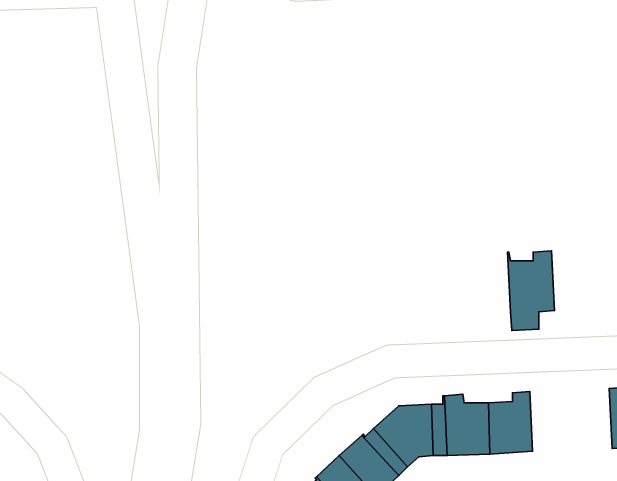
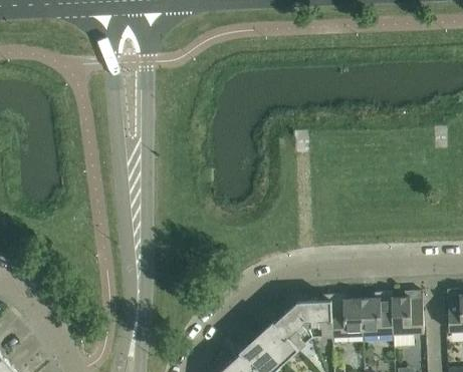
building: [508,251,554,330] -> [391,291,424,347]

